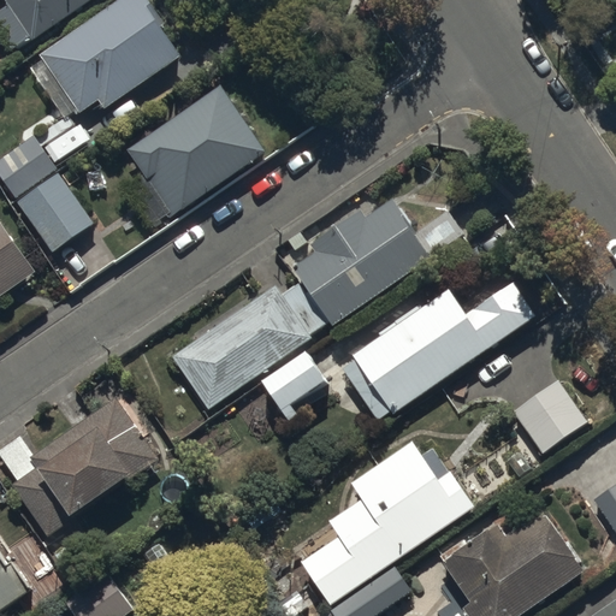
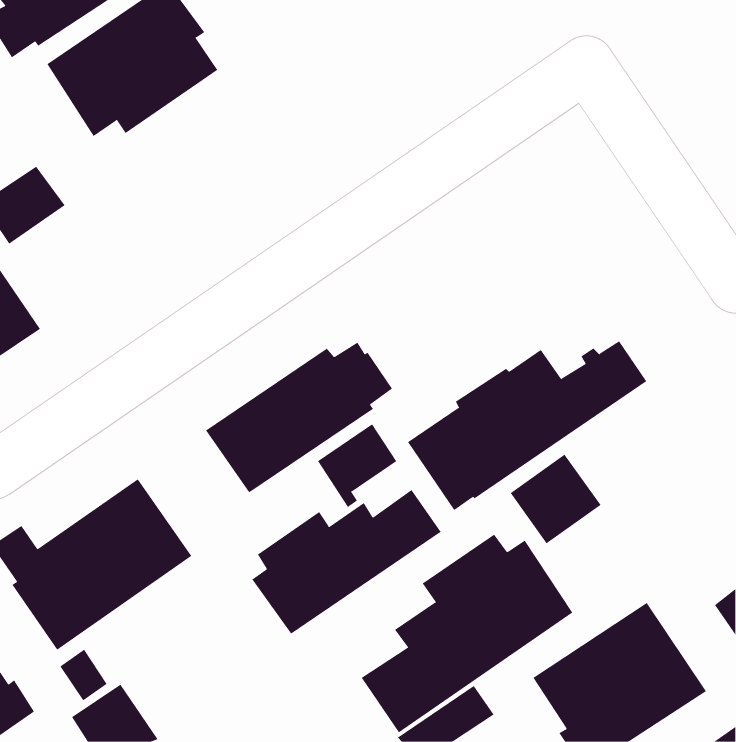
building: [125,85,265,217] -> none
building: [13,172,93,254] -> none
building: [291,200,460,326] -> none
building: [509,379,585,454] -> [510,454,601,544]
building: none -> [251,489,441,635]

